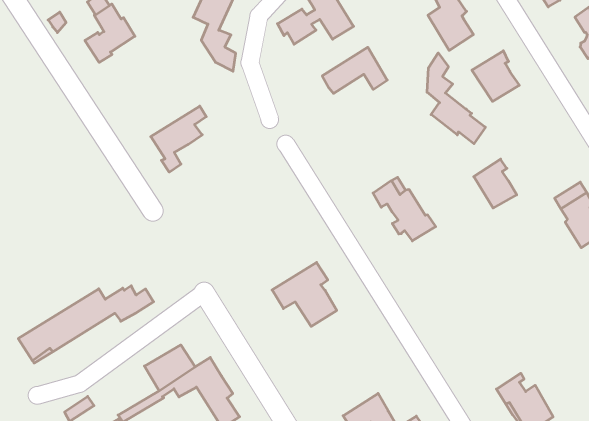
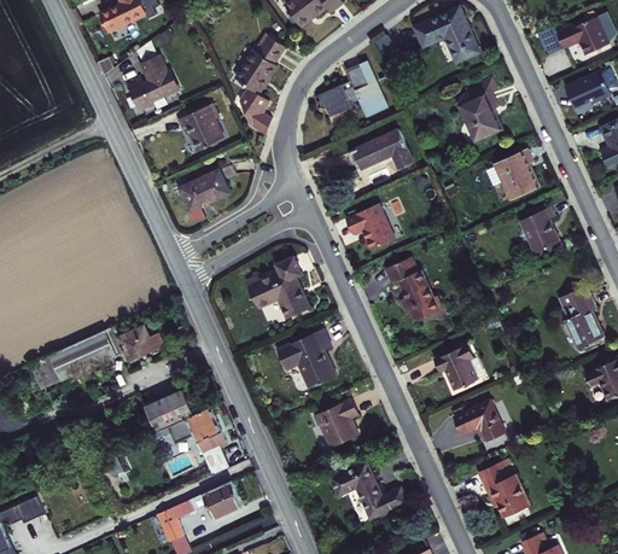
building: none -> [179,103,223,151]
building: [427,53,485,144] -> none
building: none -> [345,204,393,250]
building: [474,159,517,208] -> [520,206,559,252]
building: none -> [250,256,309,316]
building: none -> [433,344,477,389]
building: none -> [454,400,505,441]
building: none -> [314,398,357,447]

